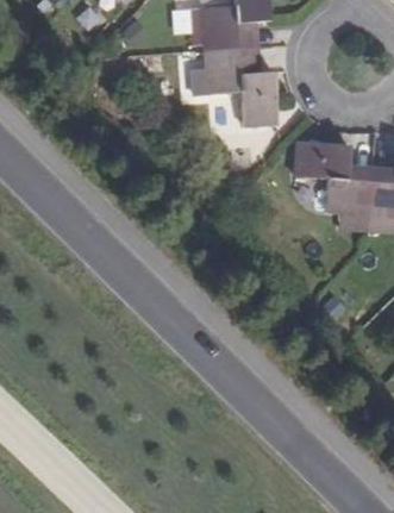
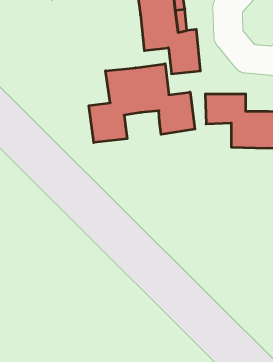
building: none -> [89,64,195,143]

